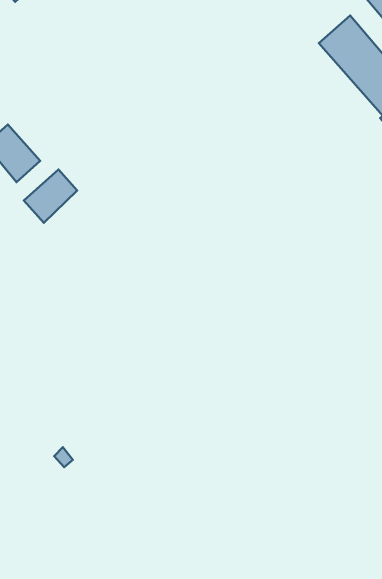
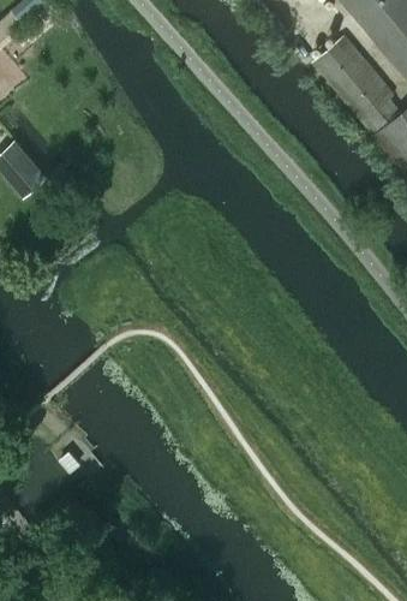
building: [24,170,77,223] -> none

